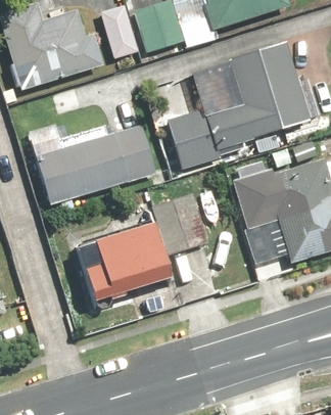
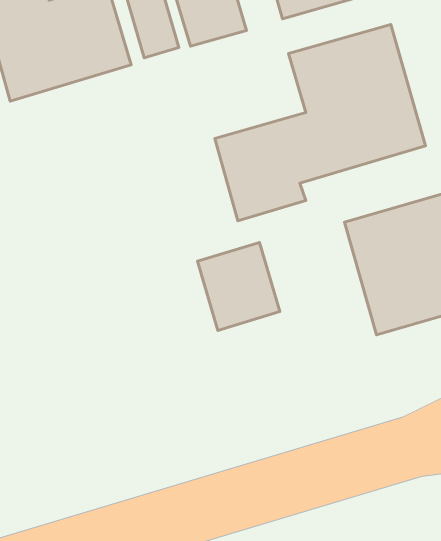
building: [35,126,158,205] -> none
building: [76,219,166,302] -> none

